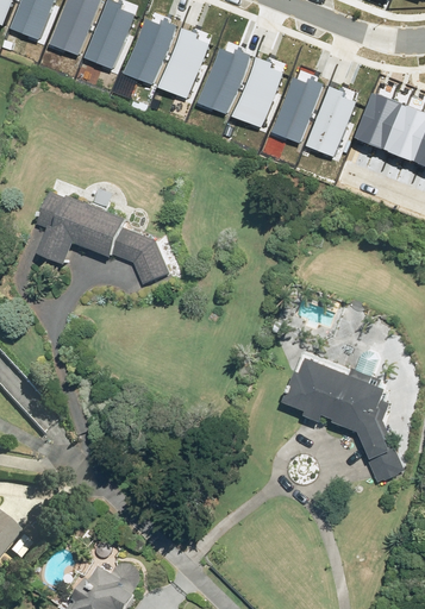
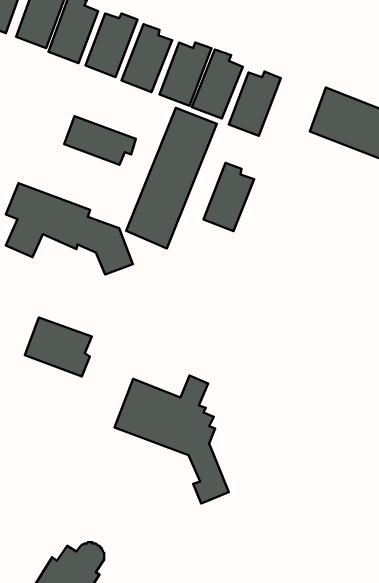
building: [306,84,358,155] -> [203,163,254,231]
building: none -> [126,108,217,248]
building: none -> [64,116,136,165]
building: none -> [25,318,92,376]
building: [286,350,404,482] -> [115,375,229,504]

